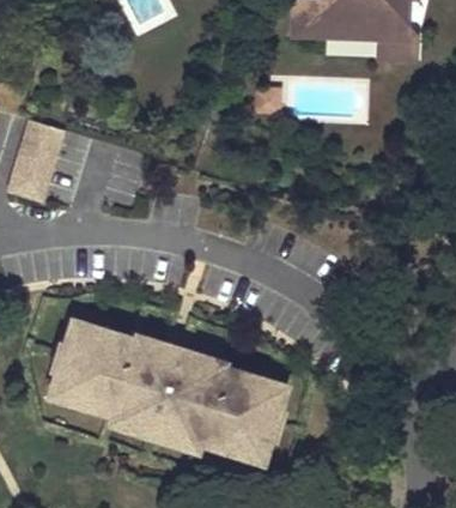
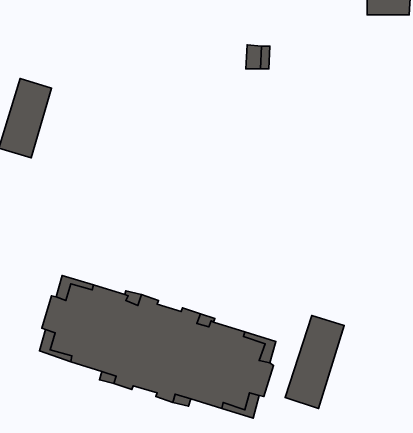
building: none -> [285,315,344,408]

